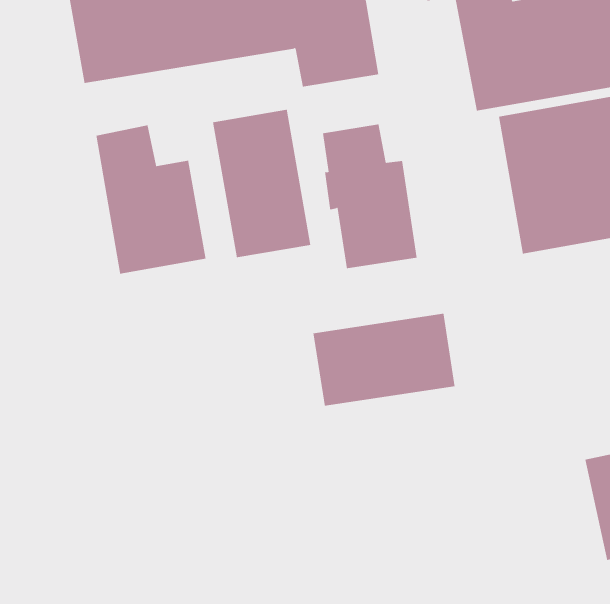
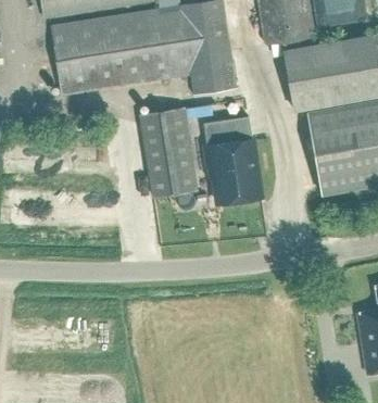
building: [96,125,206,275] -> none
building: [313,313,455,406] -> none

